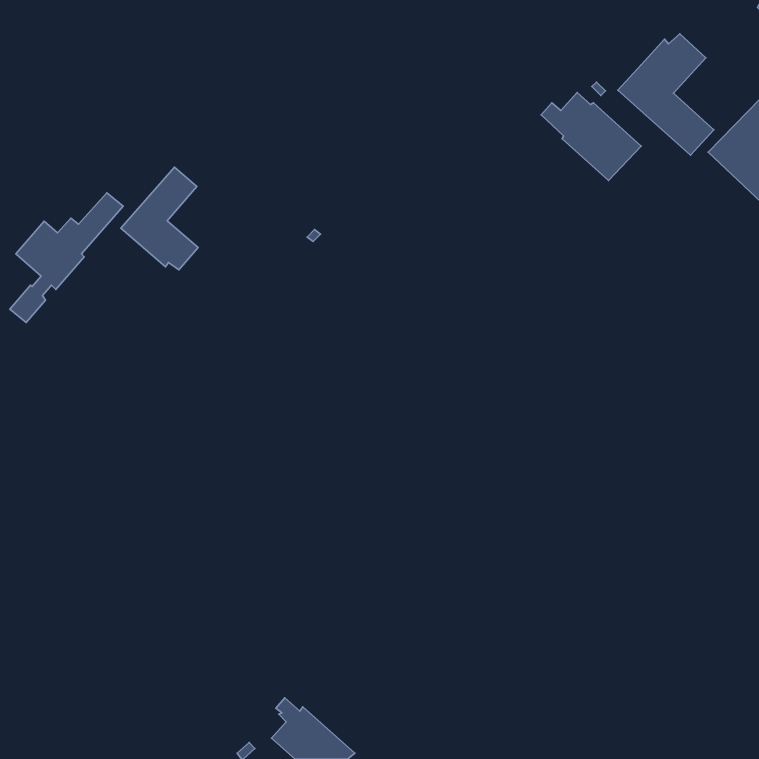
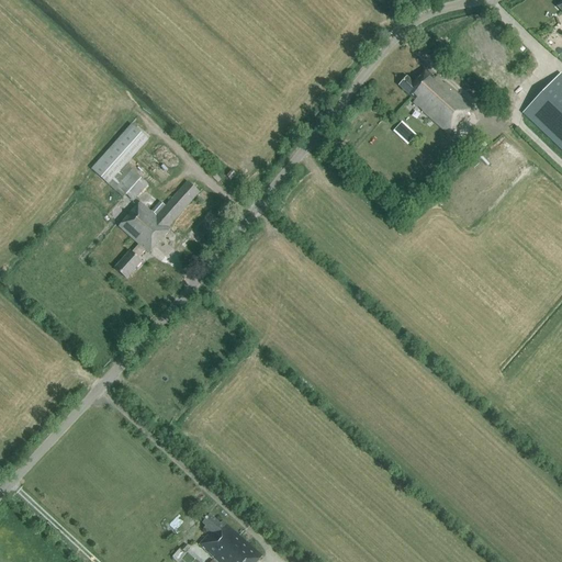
building: [618,34,714,155] -> none
building: [10,193,123,322] -> [116,181,200,277]

